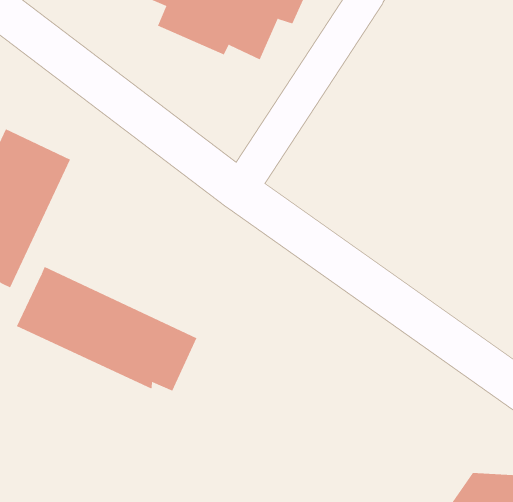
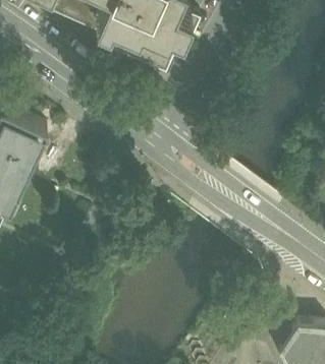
building: [16,266,197,392] -> none

